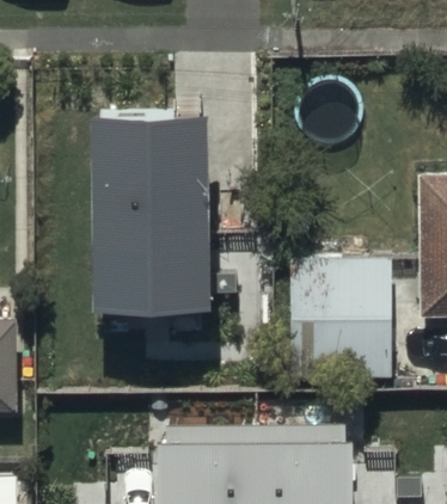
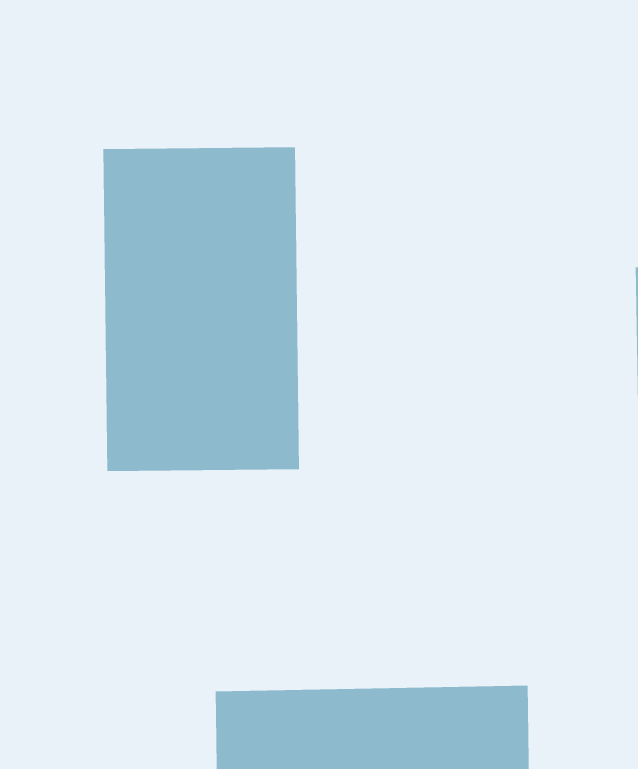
building: [286,264,384,383] -> none

